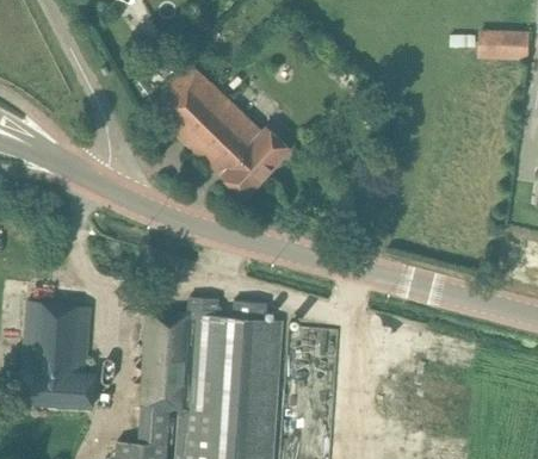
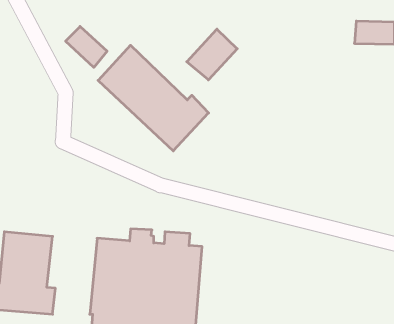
building: none -> [66,26,107,67]
building: none -> [187,29,237,80]

